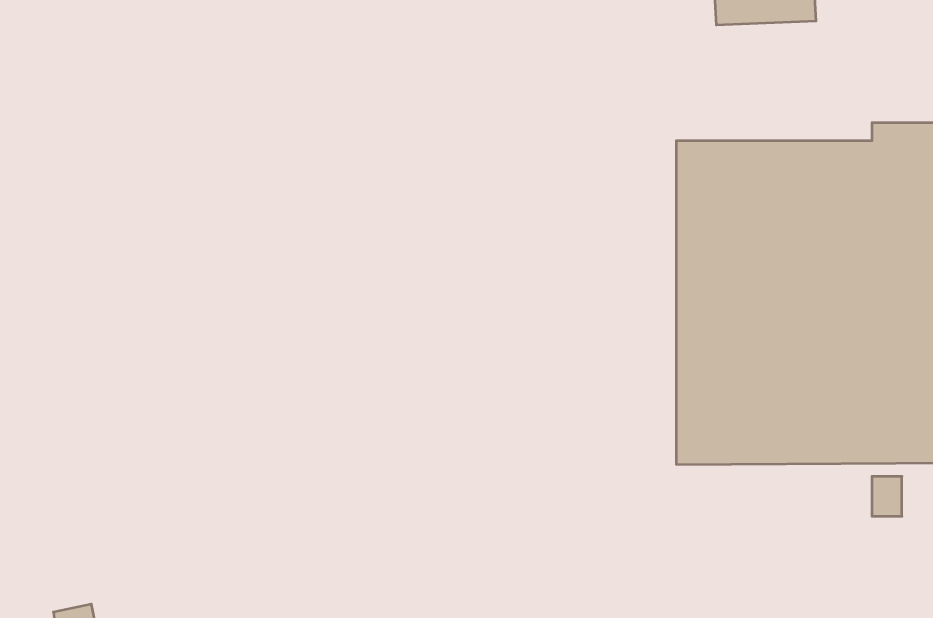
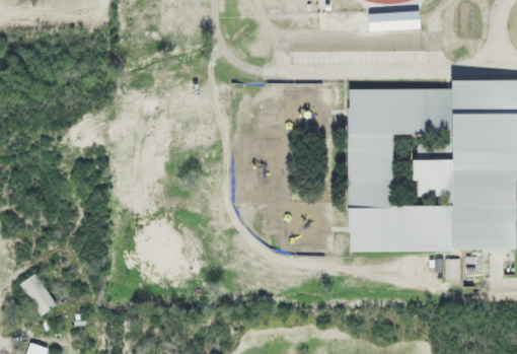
building: none -> [21,274,59,316]

